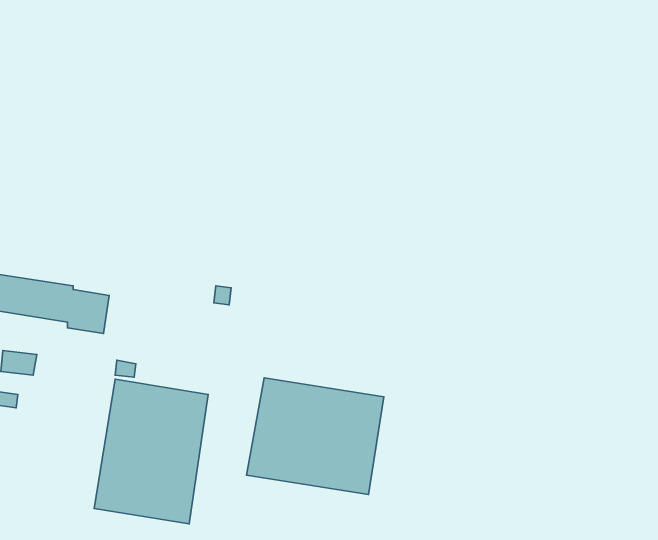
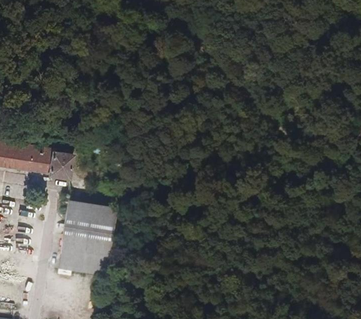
building: [246,378,384,495] -> none

